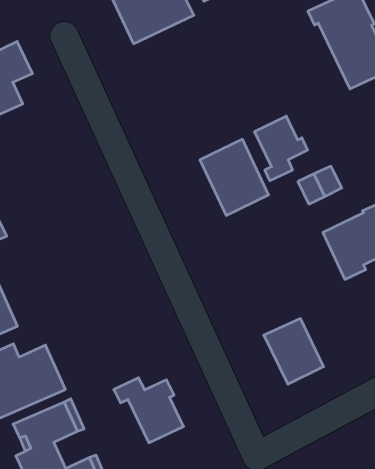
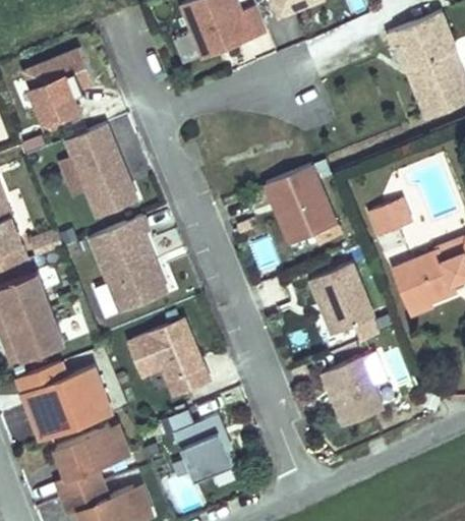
building: none -> [66,123,137,216]
building: [255,116,308,181] -> none
building: none -> [90,216,165,311]
building: none -> [307,262,380,340]
building: none -> [128,317,212,396]

